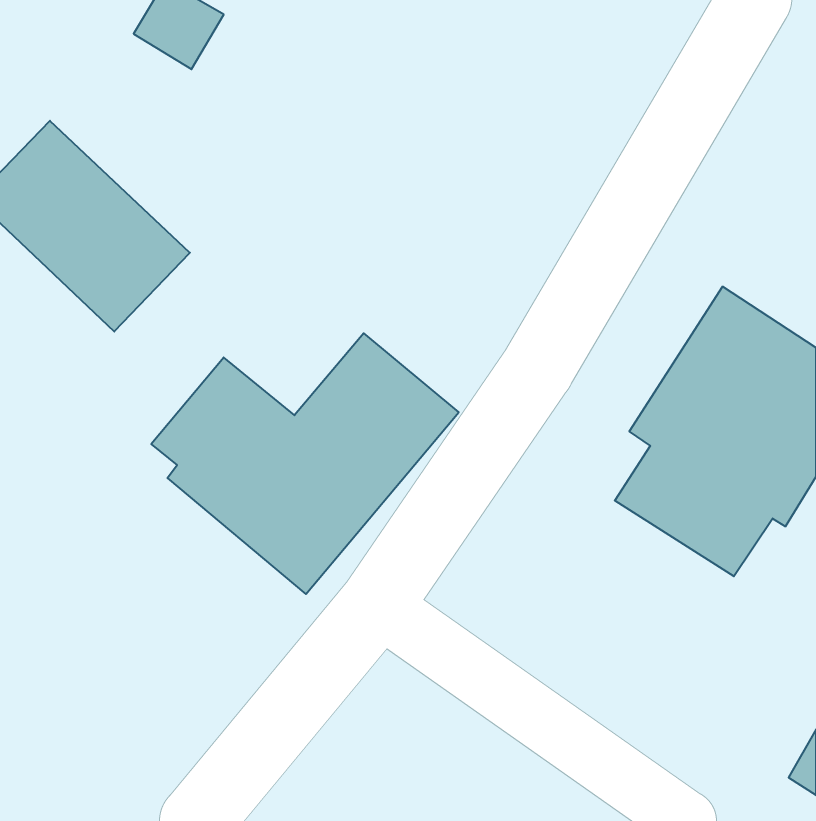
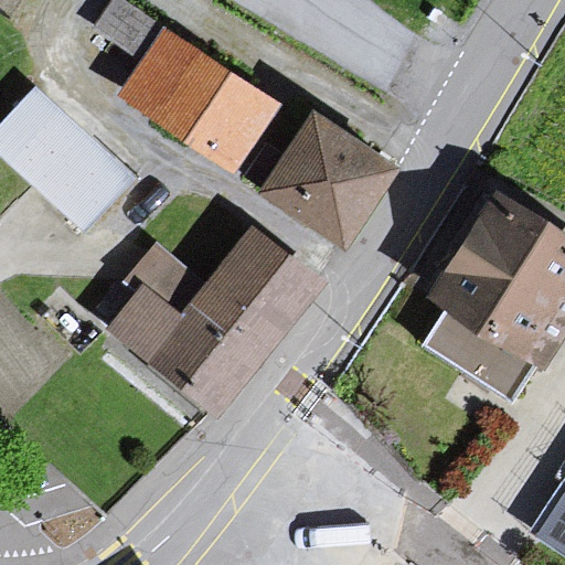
building: none -> [120,29,273,166]
building: none -> [266,118,388,238]

